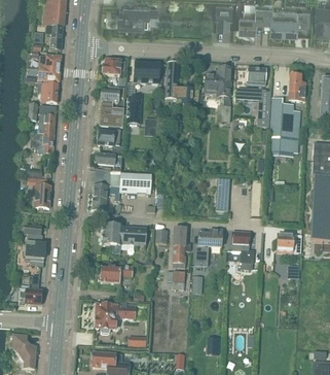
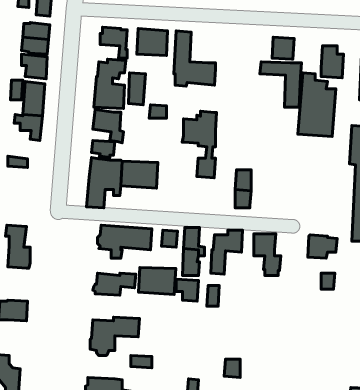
building: [204,67,232,123] -> [182,111,217,178]
building: [27,178,50,208] -> none
building: none -> [139,268,176,295]

